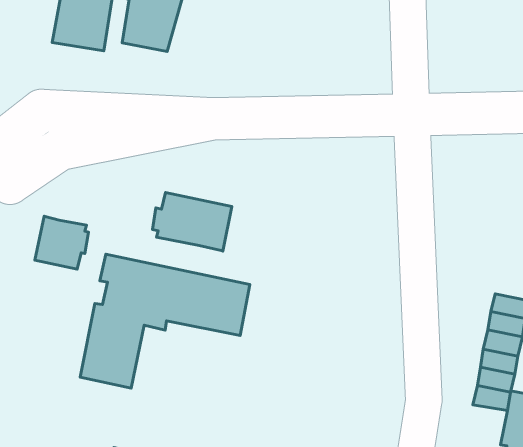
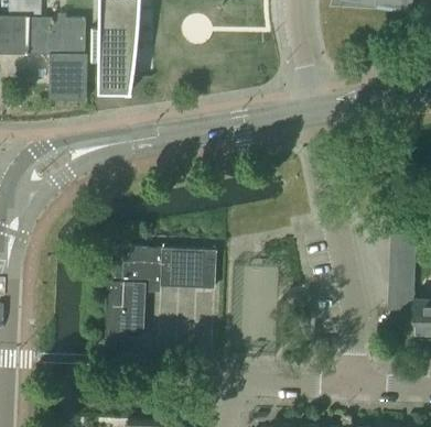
building: [153,192,232,251] -> none
building: [35,216,88,269] -> none

